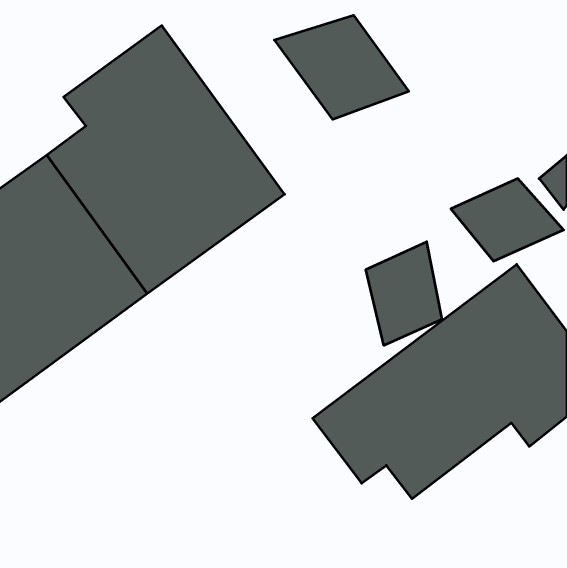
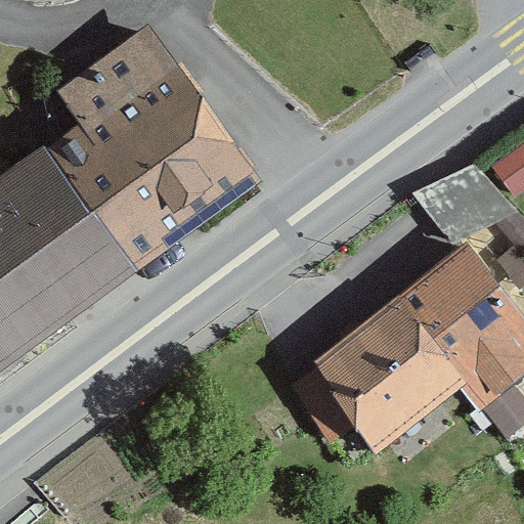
building: [274,15,409,119] -> none
building: [366,242,442,345] -> none

